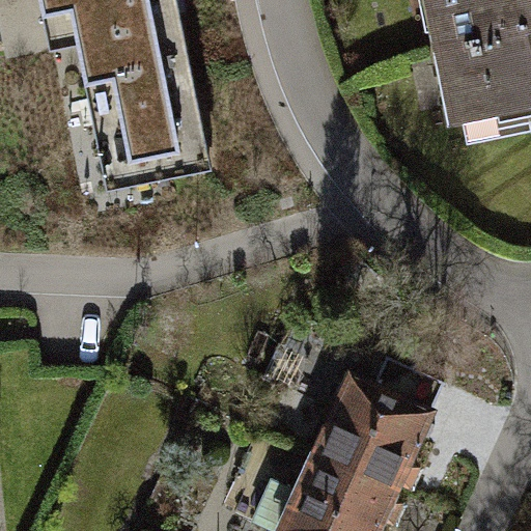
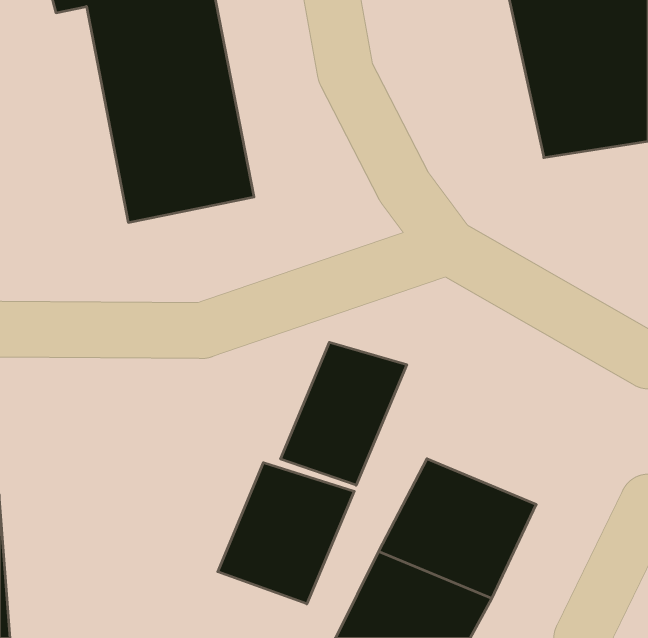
building: none -> [281,342,407,485]
building: none -> [218,463,354,604]

